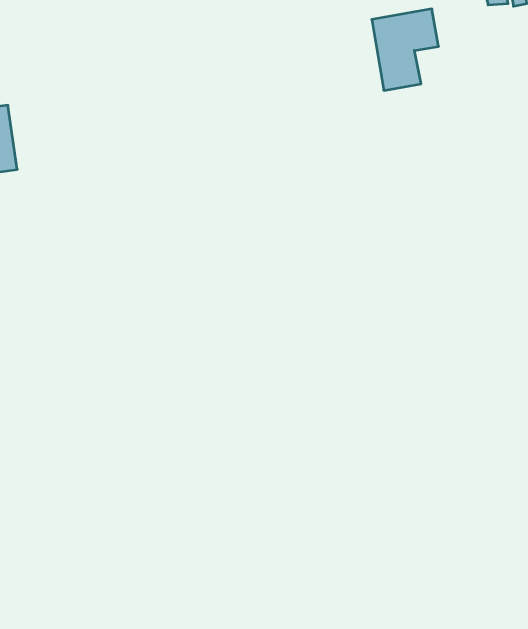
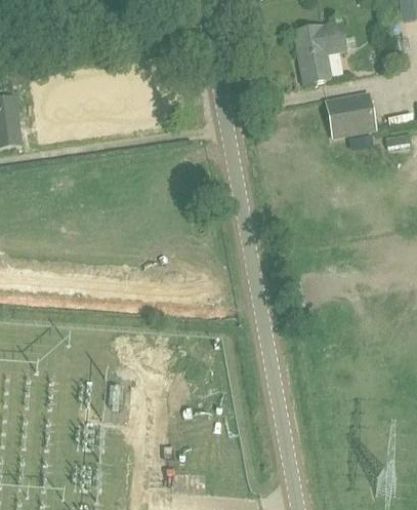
building: none -> [324,91,375,136]

